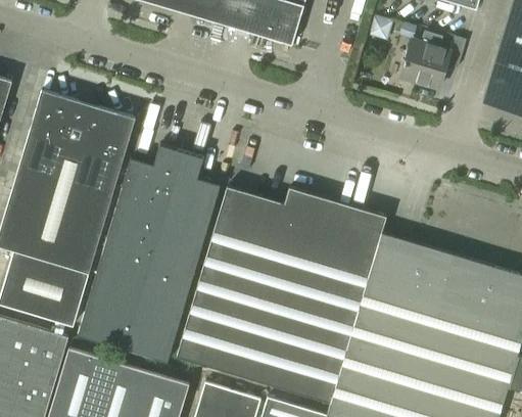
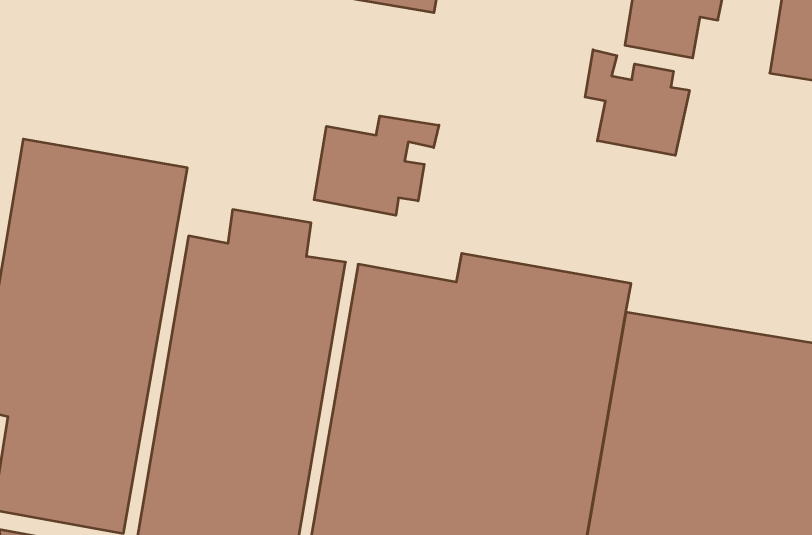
building: none -> [585,50,689,155]
building: none -> [314,116,439,215]

